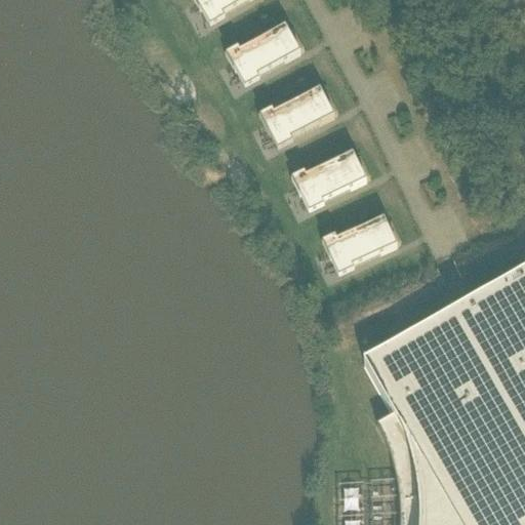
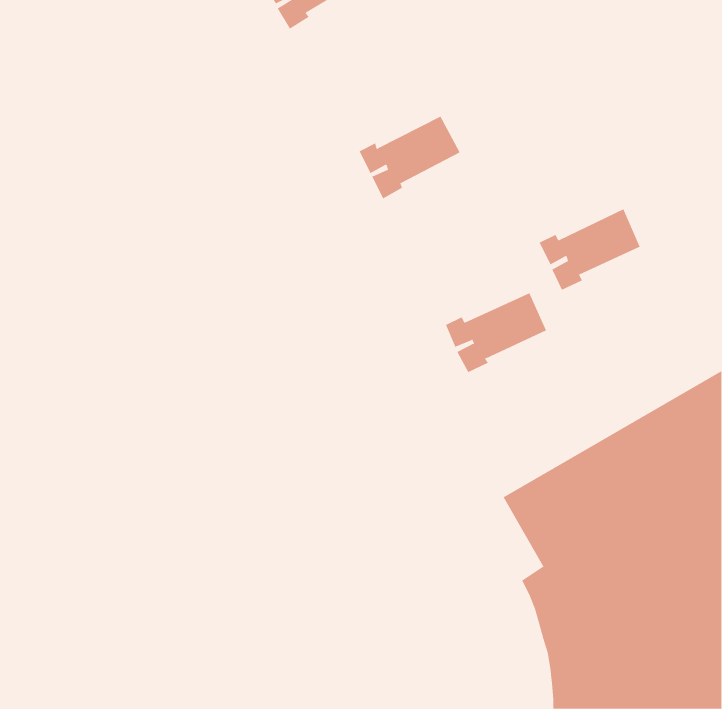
building: [227,21,300,82] -> none
building: [292,148,366,207] -> [539,209,641,291]

